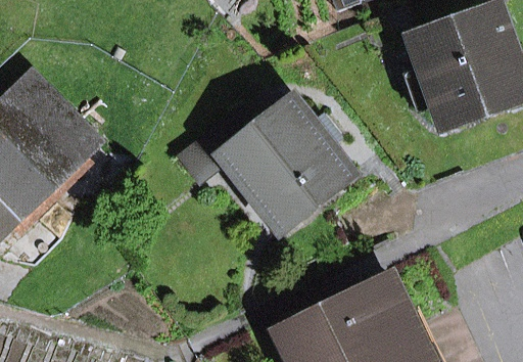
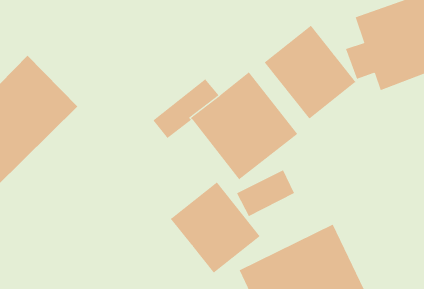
building: none -> [264,25,357,120]
building: none -> [170,181,261,274]

